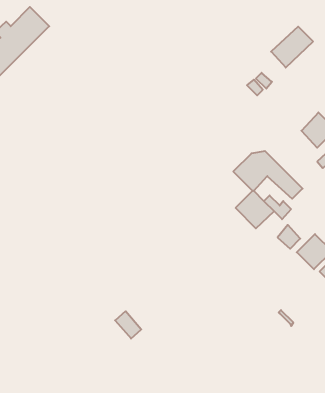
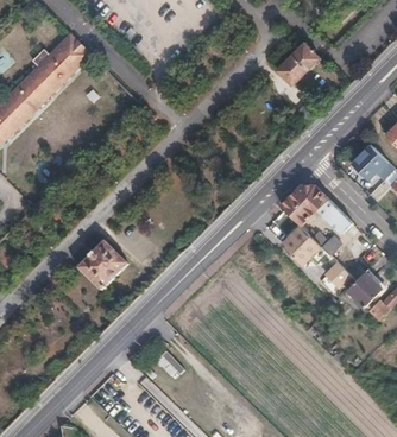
building: [271,27,313,68] -> [277,42,321,84]
building: none -> [77,241,127,292]

